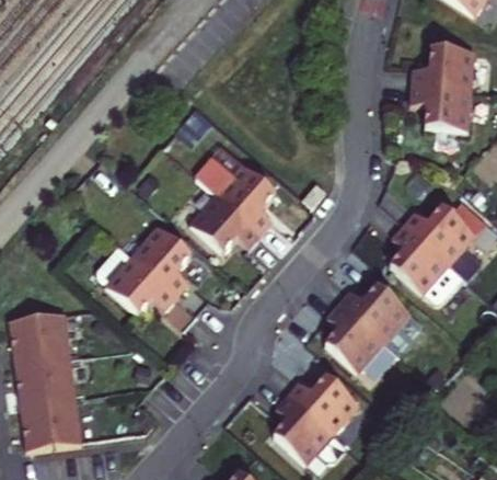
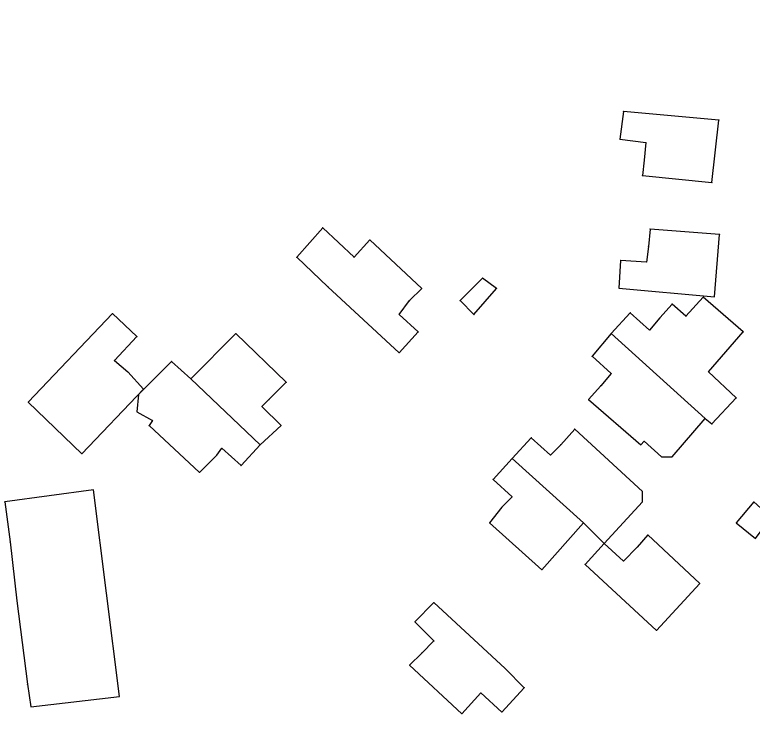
building: [405,45,469,88] -> [619,229,720,297]
building: [193,193,264,252] -> none
building: none -> [28,314,143,454]
building: [286,374,358,434] -> [585,535,700,630]

